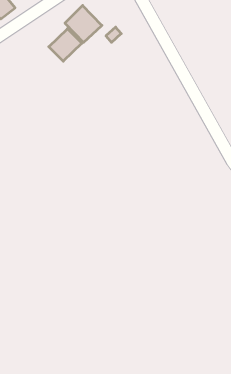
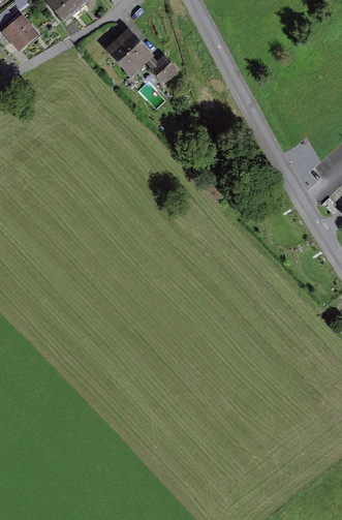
building: [49,29,82,61] -> none

